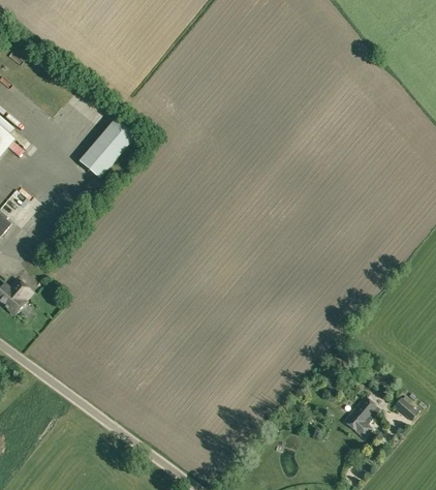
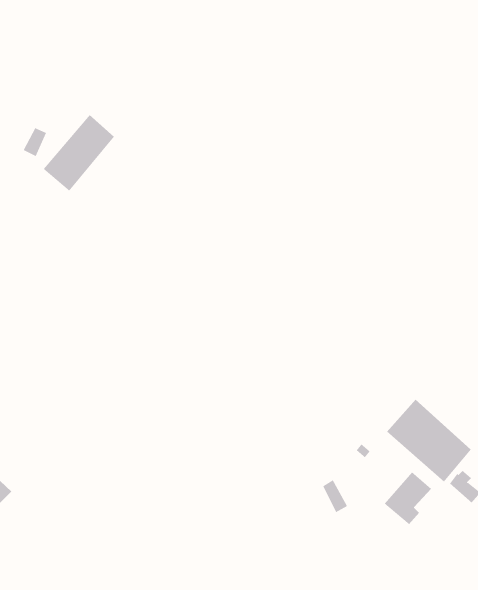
building: none -> [386,399,472,482]

